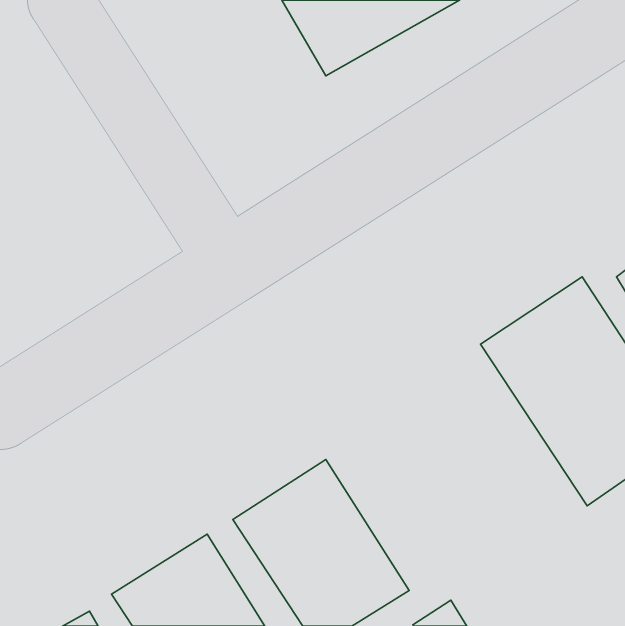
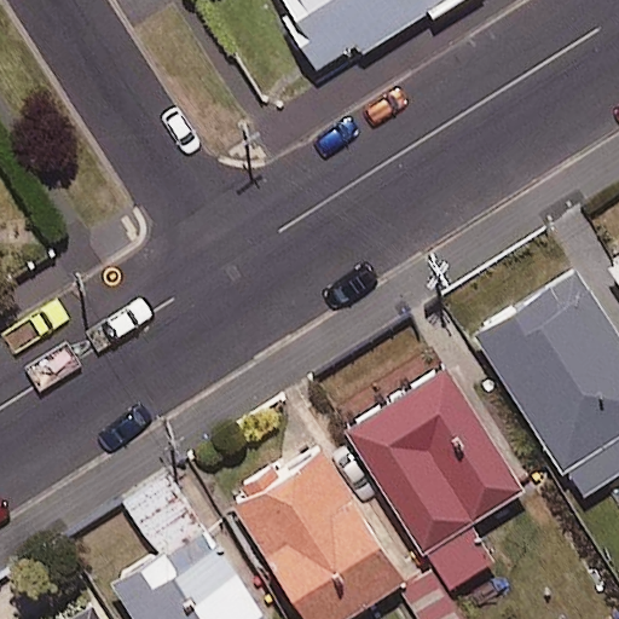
building: none -> [346,370,522,591]

